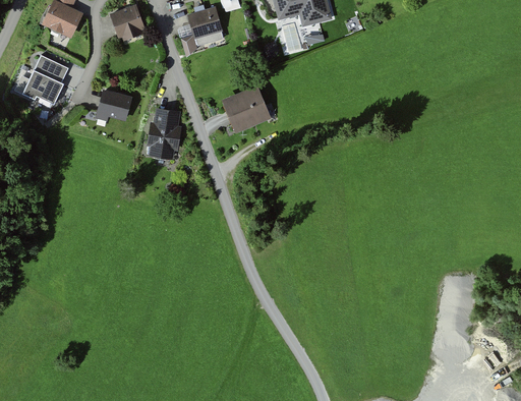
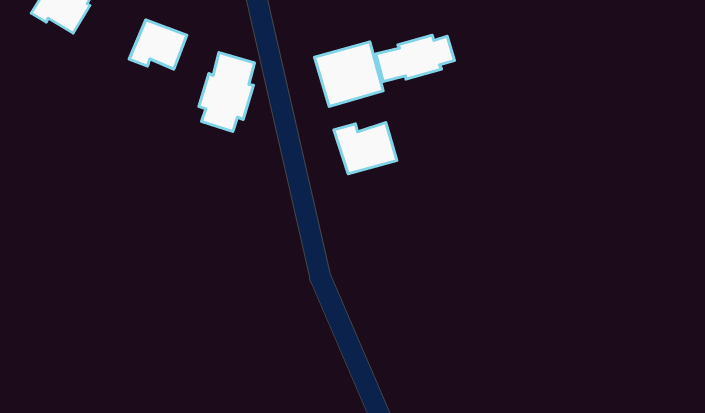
building: none -> [376,35,454,81]
building: none -> [334,122,397,174]

